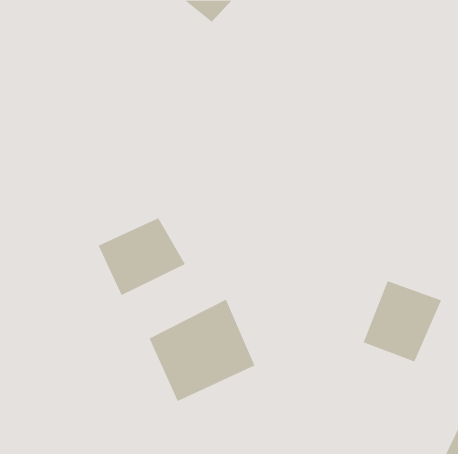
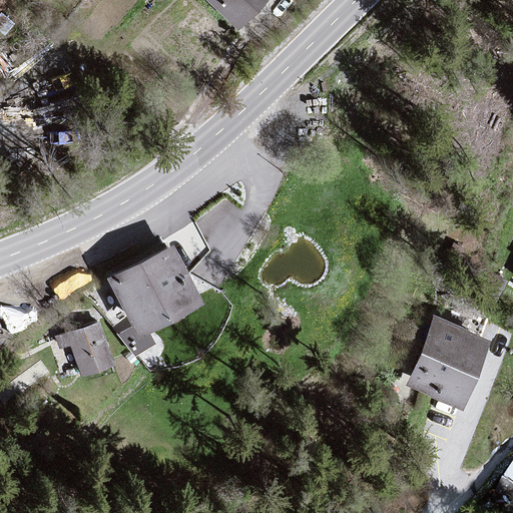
building: none -> [63,322,114,375]
building: [149,299,255,402] -> none

